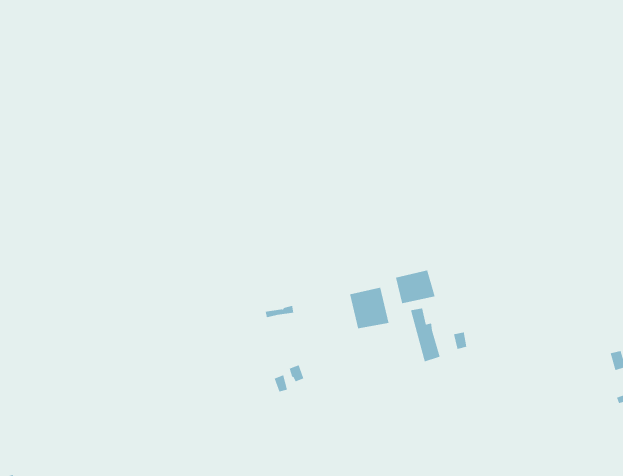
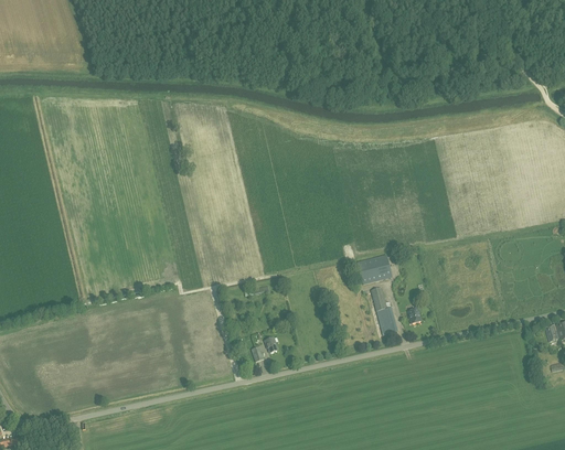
building: [350,287,389,329] -> none

